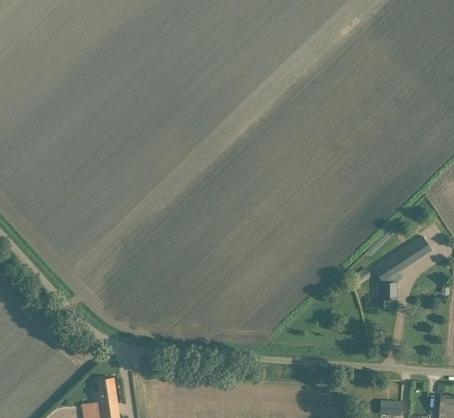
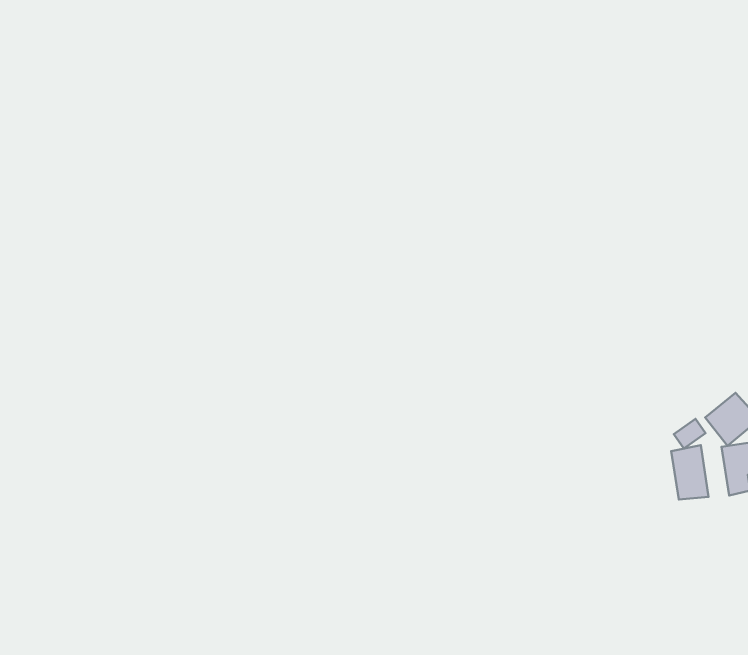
building: none -> [671,445,709,500]

